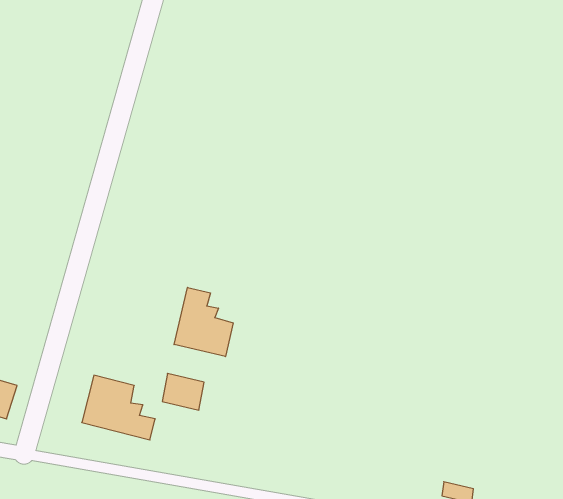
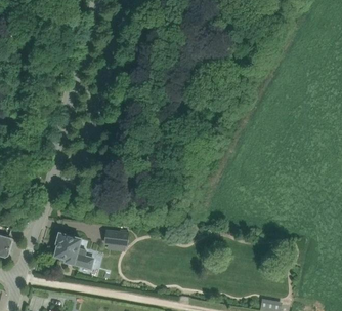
building: [174,287,233,357] -> none

